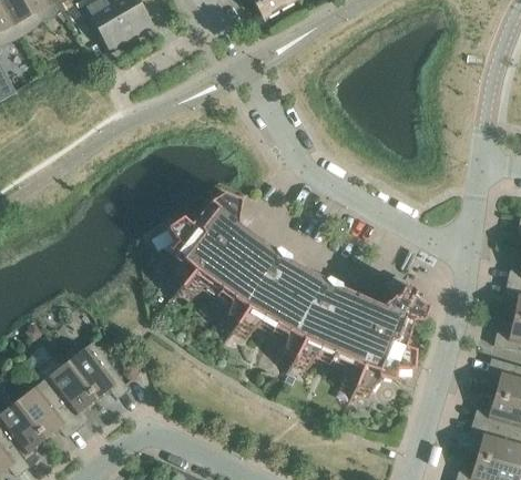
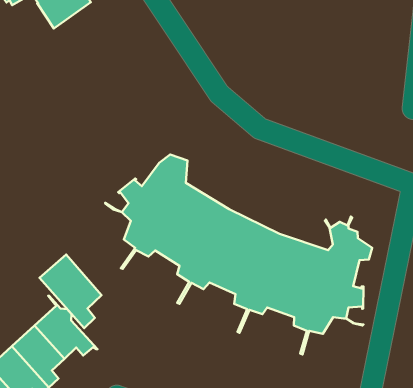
building: none -> [39,254,101,328]

